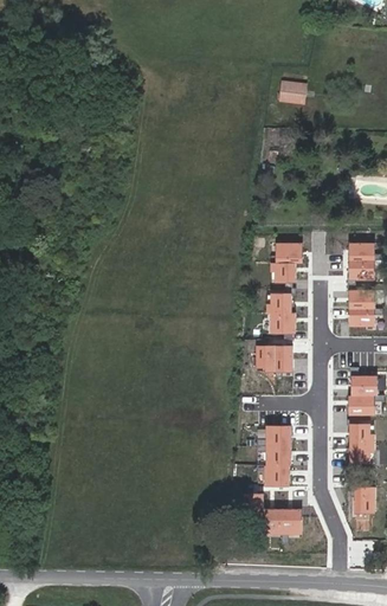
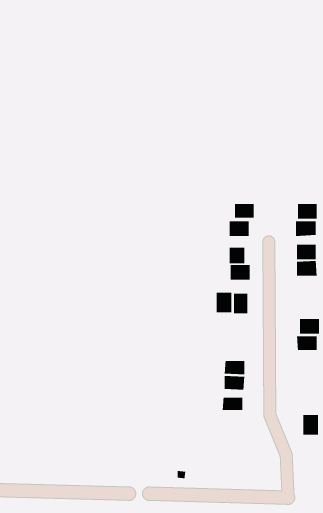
building: [279,80,308,105] -> none
building: [349,425,374,453] -> none
building: [262,509,302,535] -> none

